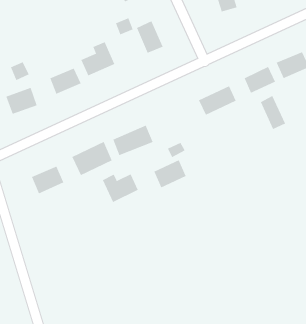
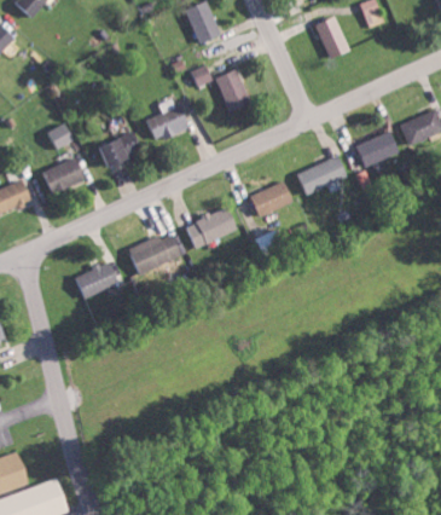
building: [260,95,286,130] -> none
building: [154,160,186,188] -> [250,180,294,218]
building: [102,174,139,203] -> none

